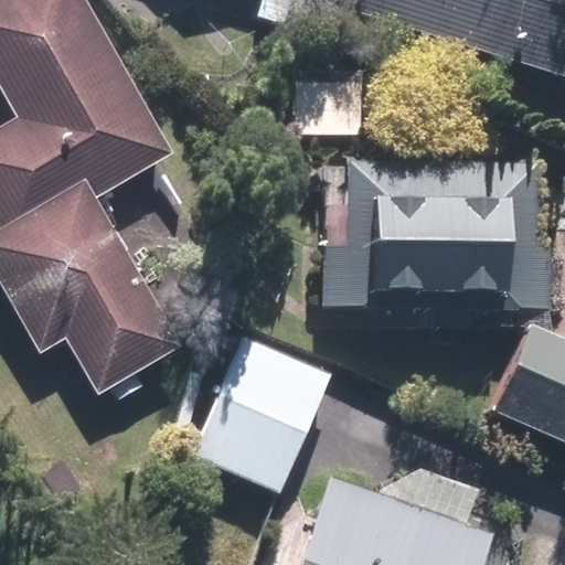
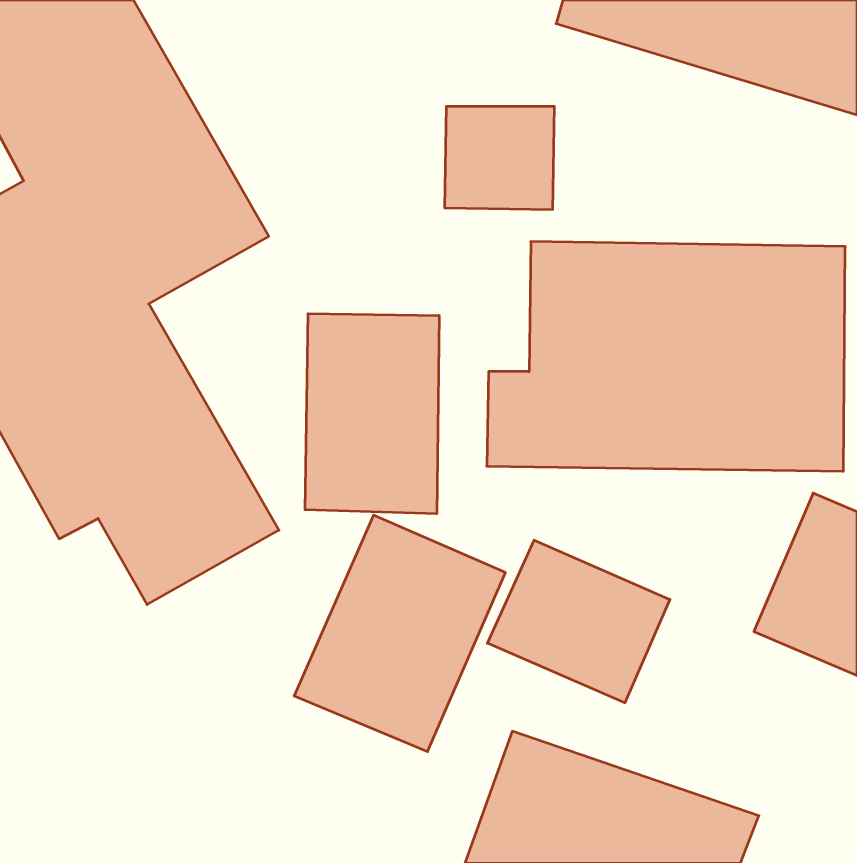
building: none -> [305,314,439,514]
building: none -> [487,540,670,703]

